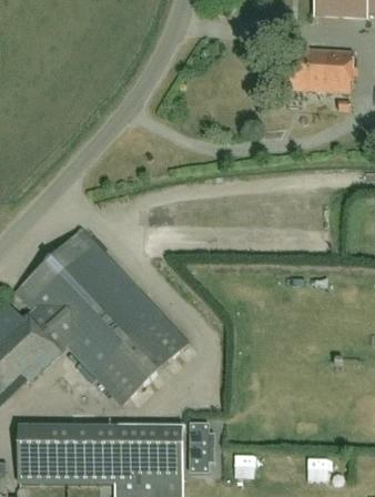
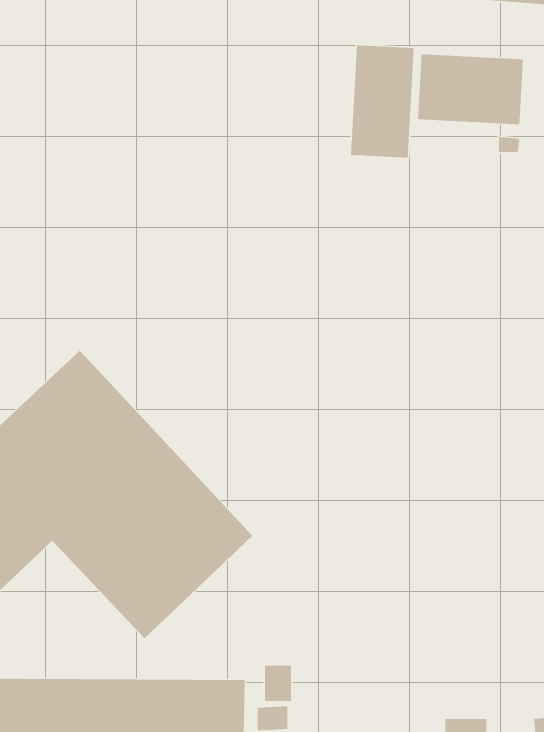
building: none -> [350,45,414,158]

